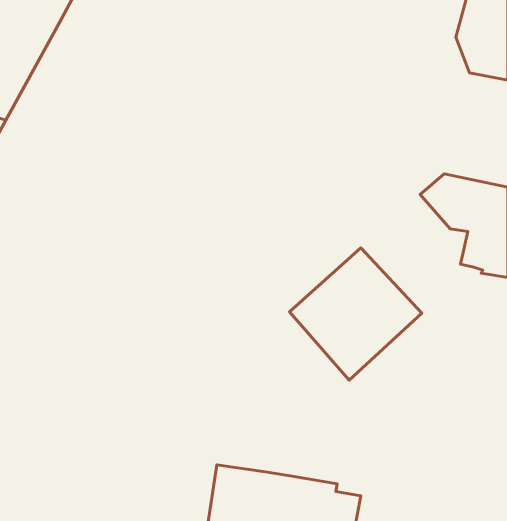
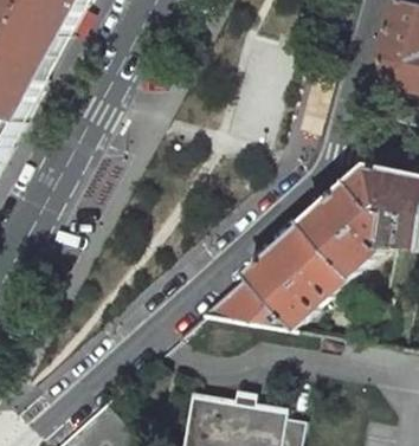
building: none -> [297,181,382,276]
building: none -> [195,274,288,331]

